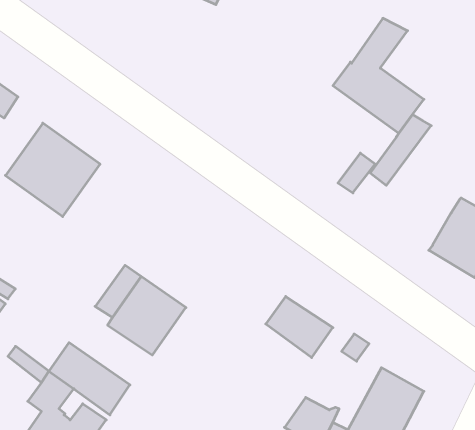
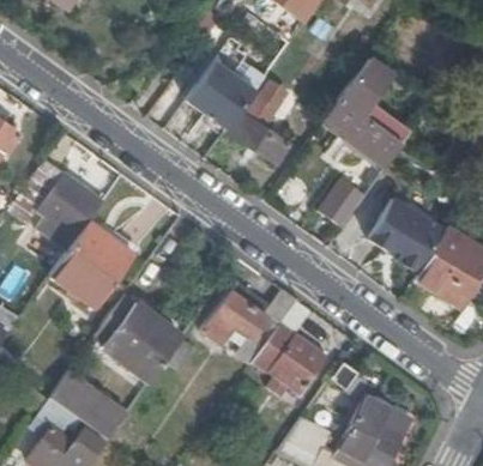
building: none -> [188,63,256,131]
building: none -> [233,91,290,165]
building: none -> [369,200,445,276]
building: none -> [54,211,138,299]
building: none -> [200,286,296,351]

